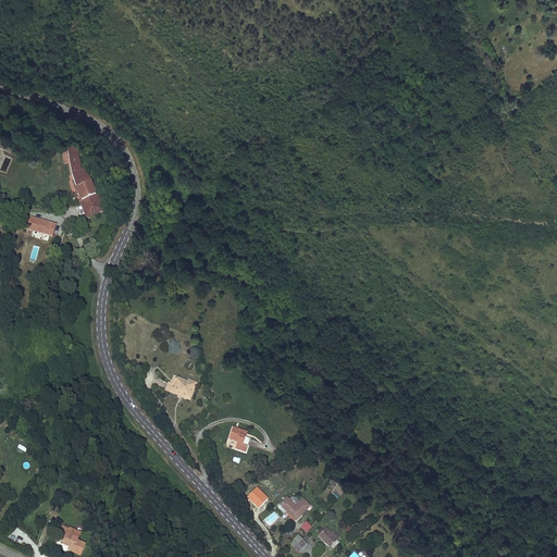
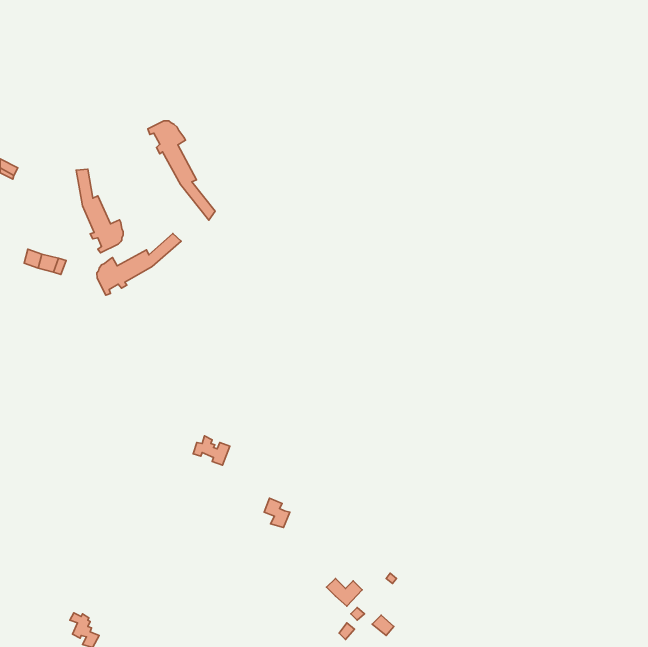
building: none -> [148,121,215,220]
building: none -> [97,234,181,295]

